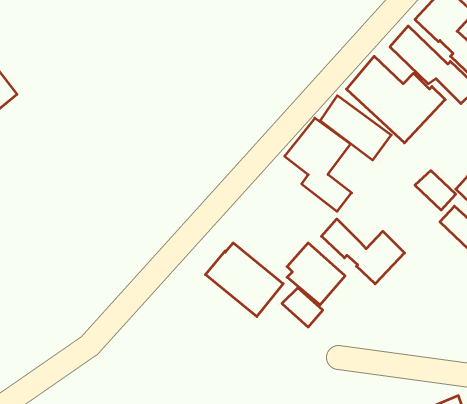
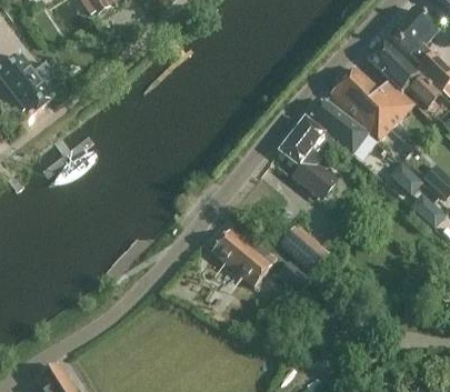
building: [321,219,405,284] -> none

